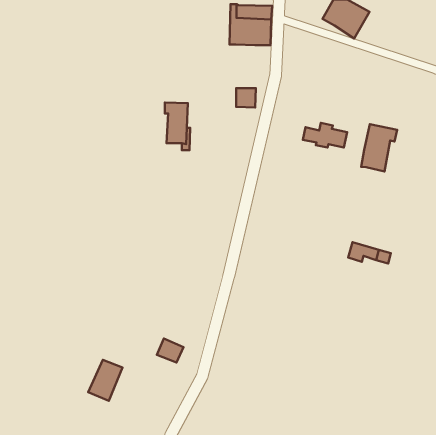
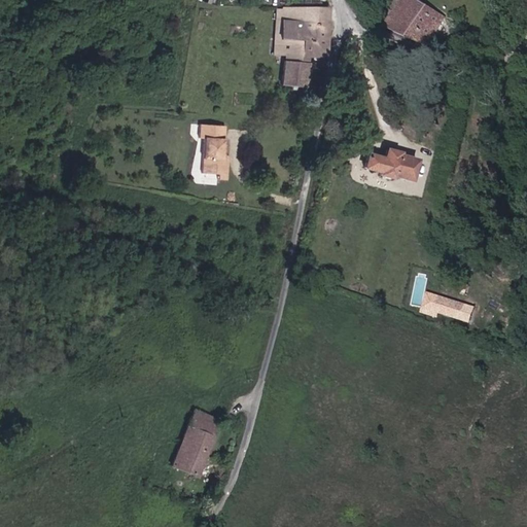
building: [236,88,256,108] -> [284,61,308,84]
building: [361,124,397,172] -> none
building: [88,360,122,401] -> [172,428,213,478]

